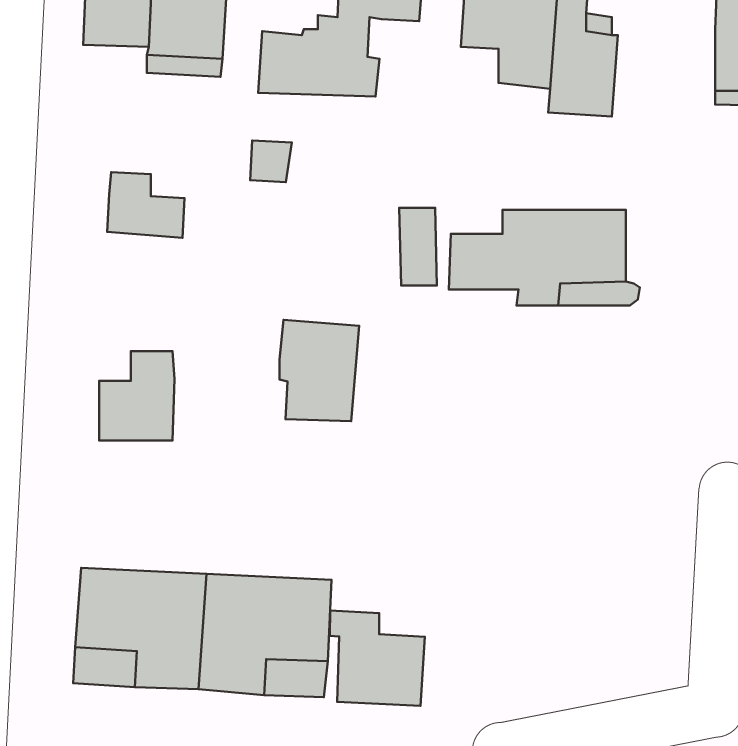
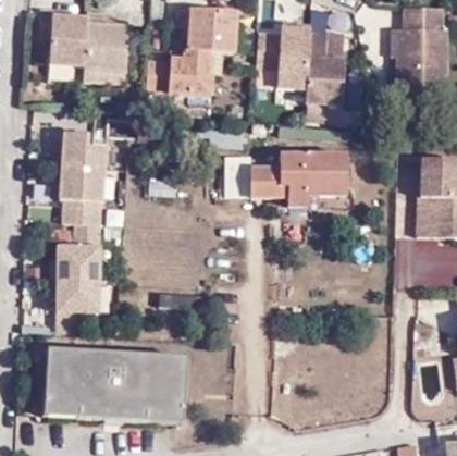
building: [280,320,359,421] -> [61,165,104,221]
building: none -> [59,280,99,330]
building: [330,610,425,706] -> none

